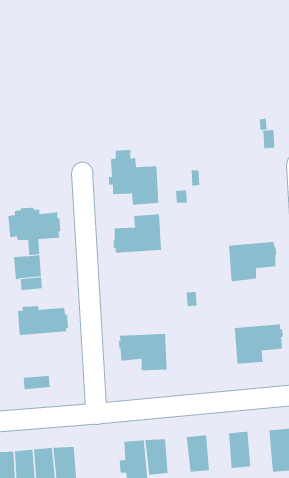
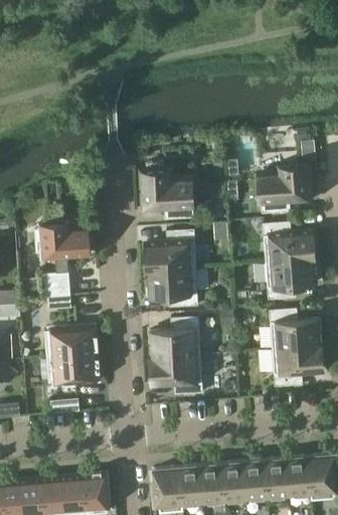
building: none -> [259,165,312,214]
building: none -> [263,222,316,263]
building: none -> [146,268,198,308]
building: none -> [269,309,322,349]
building: none -> [149,317,200,357]
building: none -> [46,353,101,383]
building: none -> [287,457,312,501]
building: none -> [243,460,269,499]
building: none -> [200,464,225,502]

